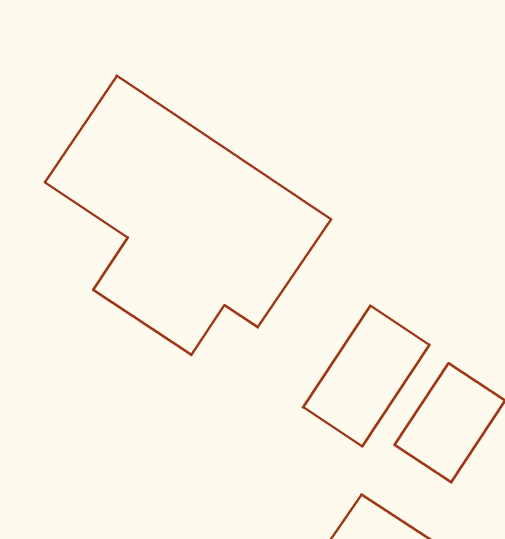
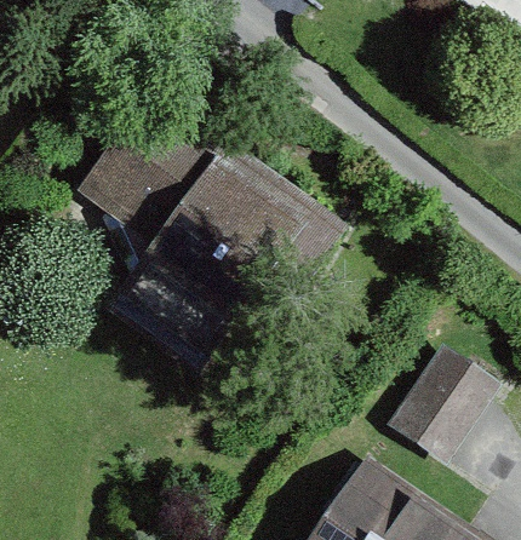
building: [303,306,429,446] -> none

